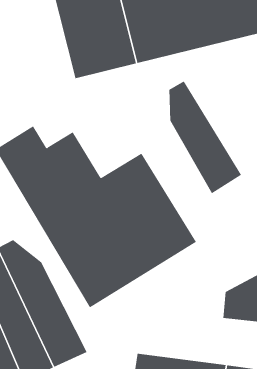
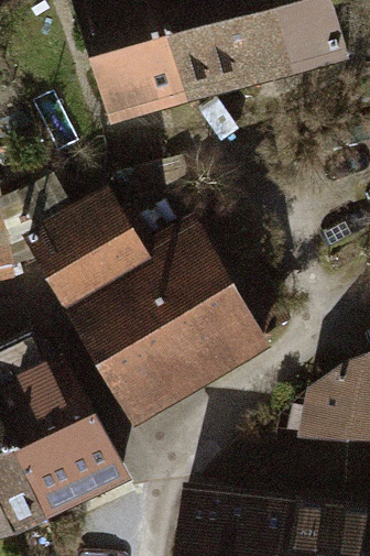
building: [169,81,242,194] -> none

